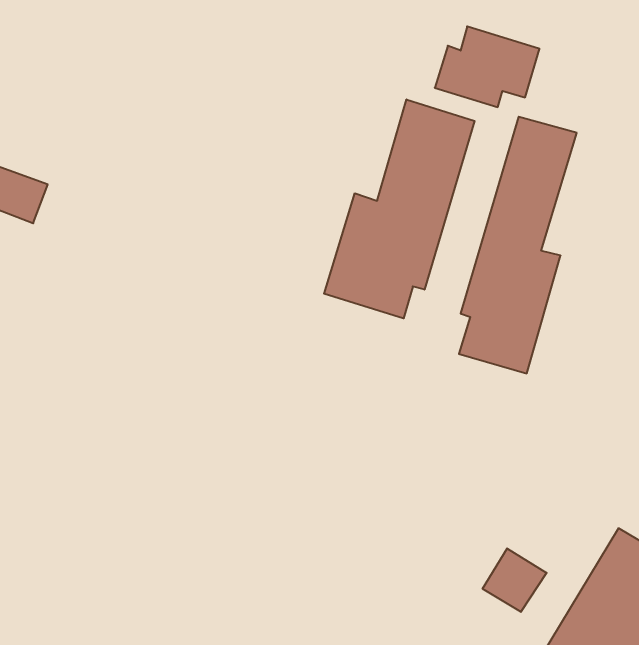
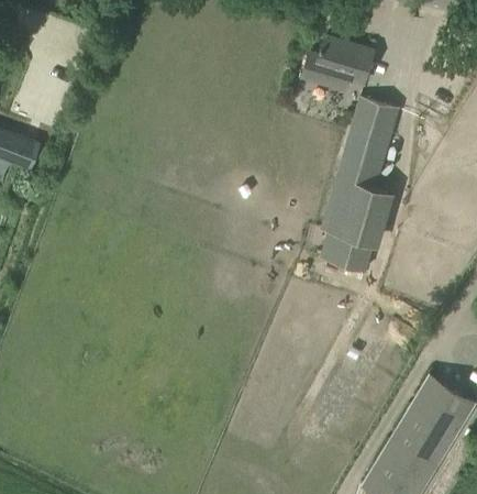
building: [324,99,475,318] -> none
building: [483,548,547,612] -> none

